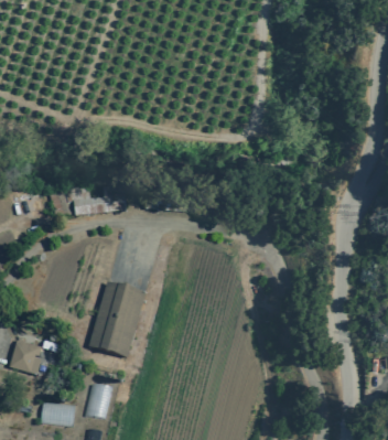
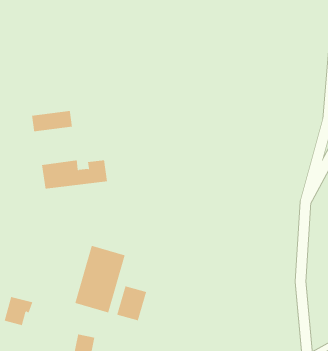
building: none -> [31,110,73,132]
building: none -> [116,286,147,321]

